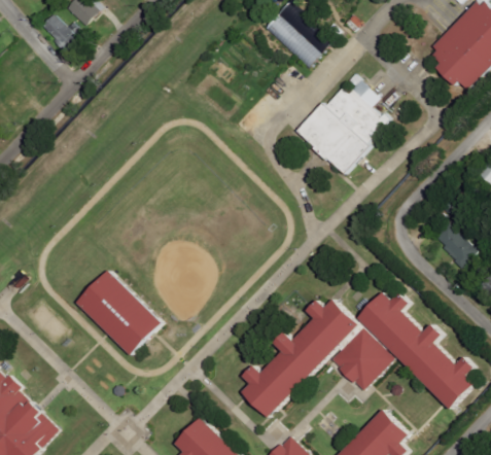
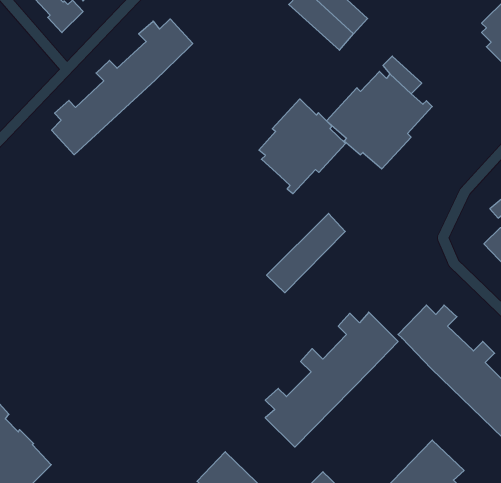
building: none -> [52,19,193,155]
building: none -> [259,99,345,194]
building: none -> [267,213,345,293]
building: [76,270,162,354] -> none
building: [329,321,393,391] -> none

